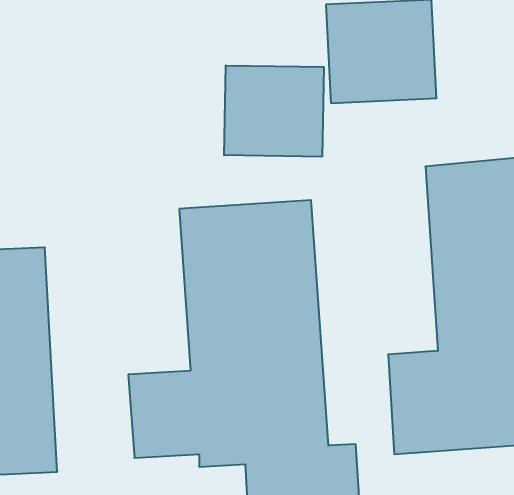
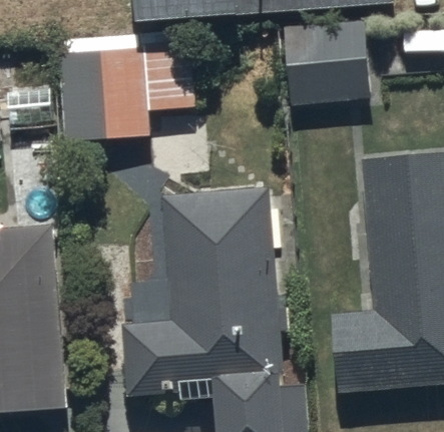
building: none -> [56,49,193,140]
building: [224,65,324,157] -> none

